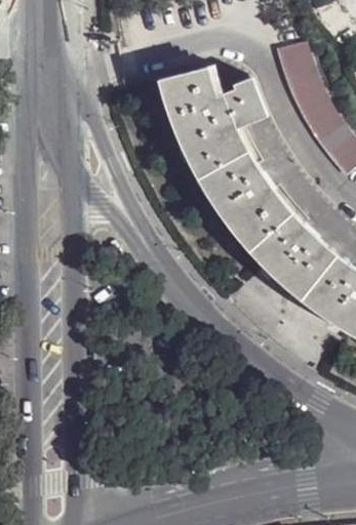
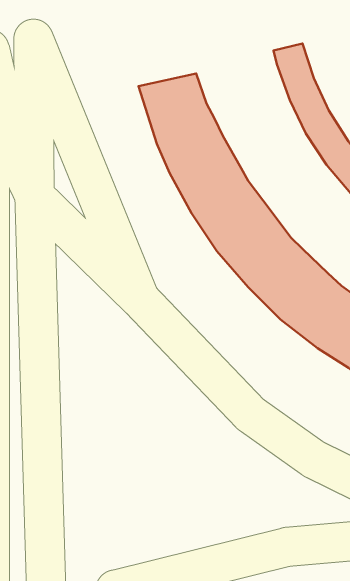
building: [217,78,264,123] -> none

